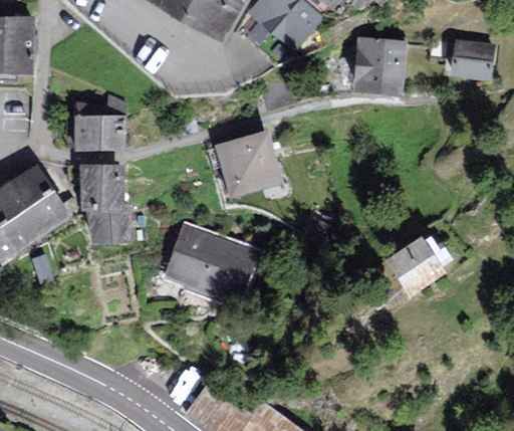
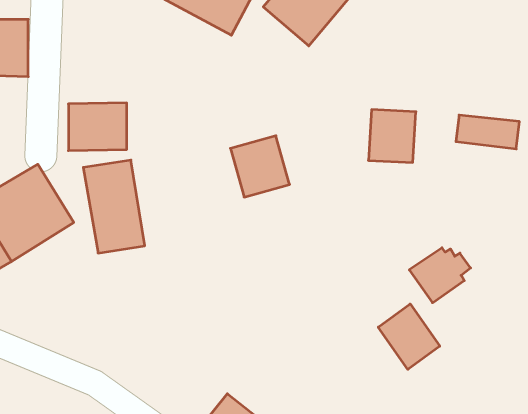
building: [431,41,491,73] -> [456,115,519,149]
building: [359,42,405,92] -> [368,110,416,162]
building: [170,231,251,302] -> none
building: none -> [378,304,440,369]

